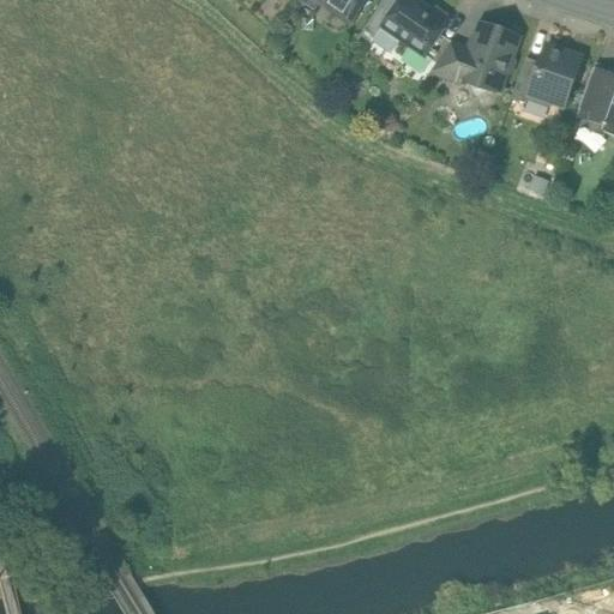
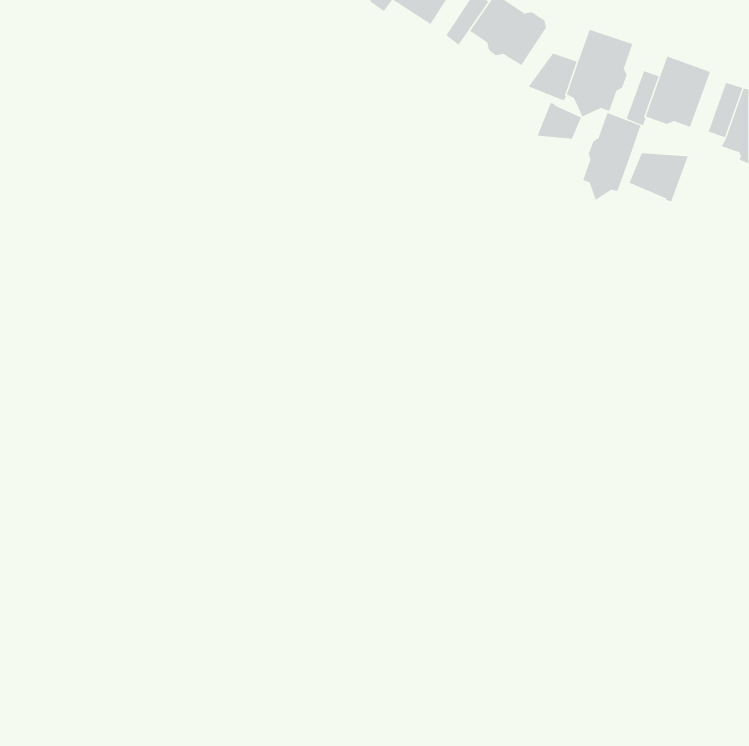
building: none -> [537,102,582,140]
building: none -> [582,112,641,201]
building: none -> [629,153,688,202]

